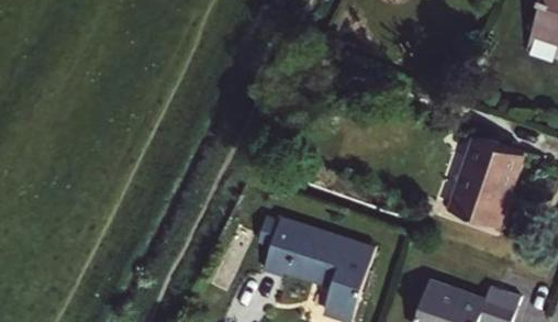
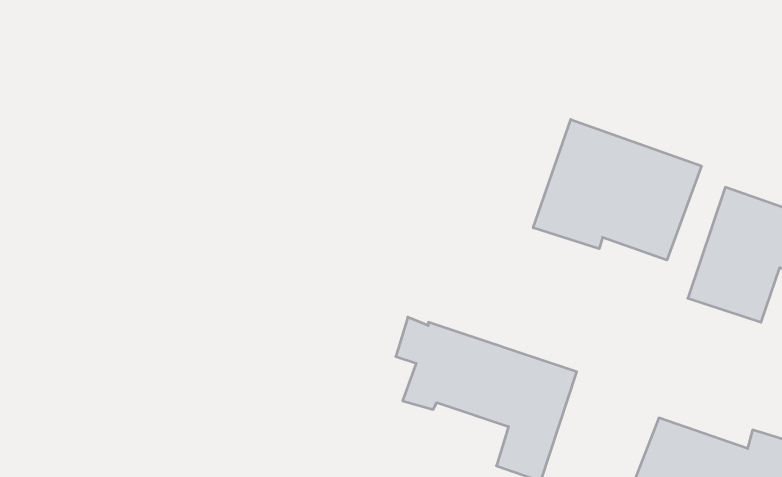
building: none -> [533,119,701,260]

